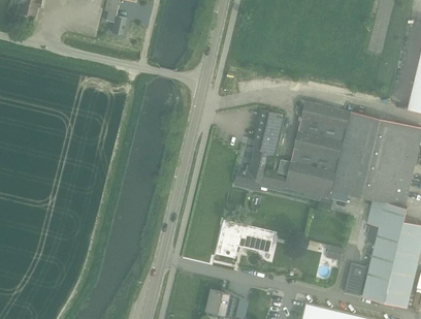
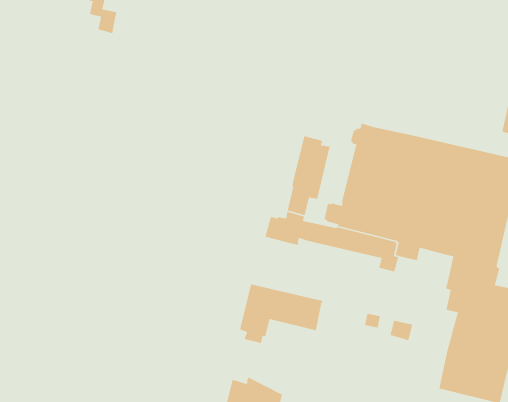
building: [345,263,368,296] -> none

